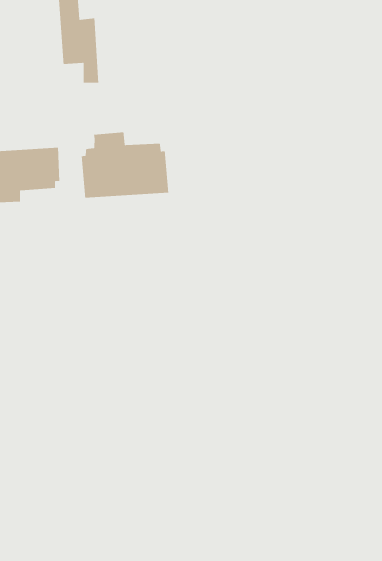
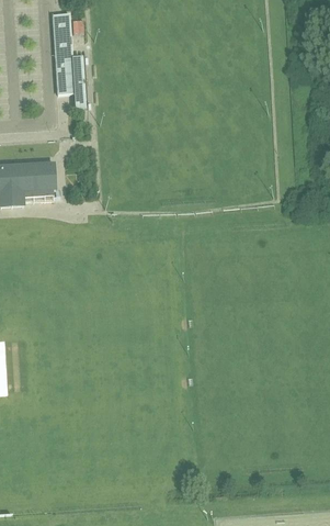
building: [81,131,169,198] -> none

